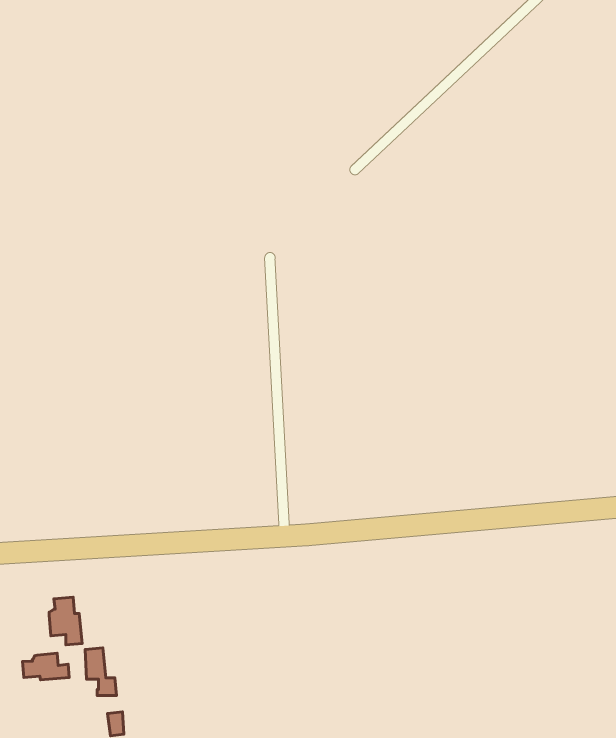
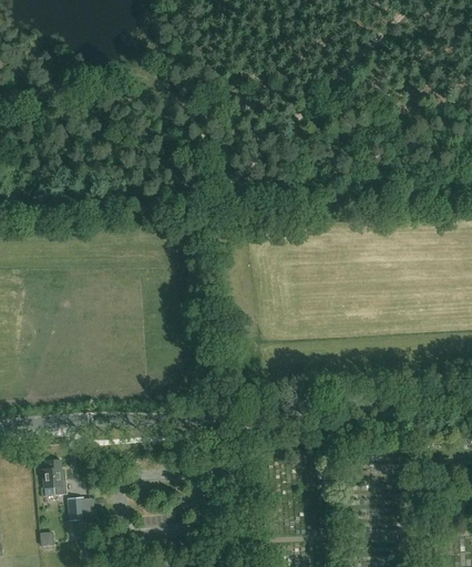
building: [22,653,69,680] -> none

